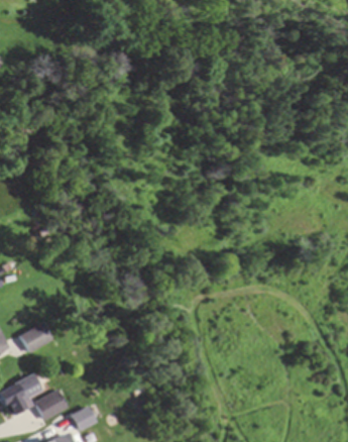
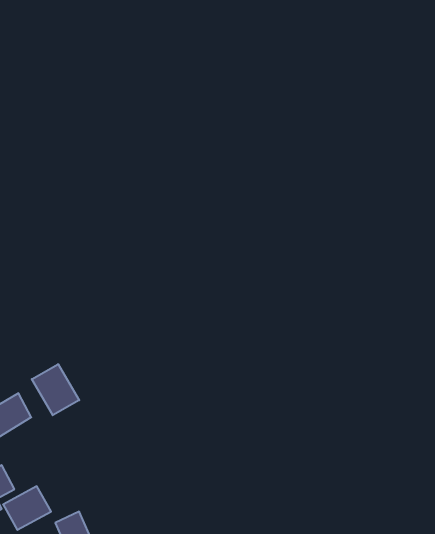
building: none -> [32,364,79,415]

